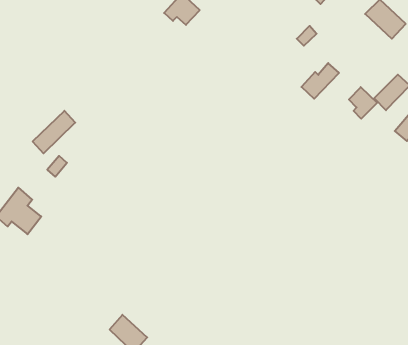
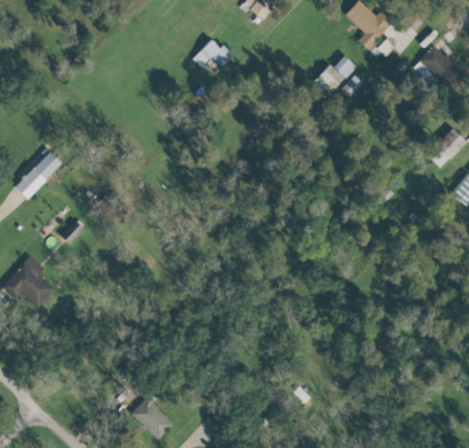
building: [301,63,339,99] -> [313,54,356,94]
building: [349,87,377,119] -> none
building: [33,111,75,153] -> [14,151,62,199]

